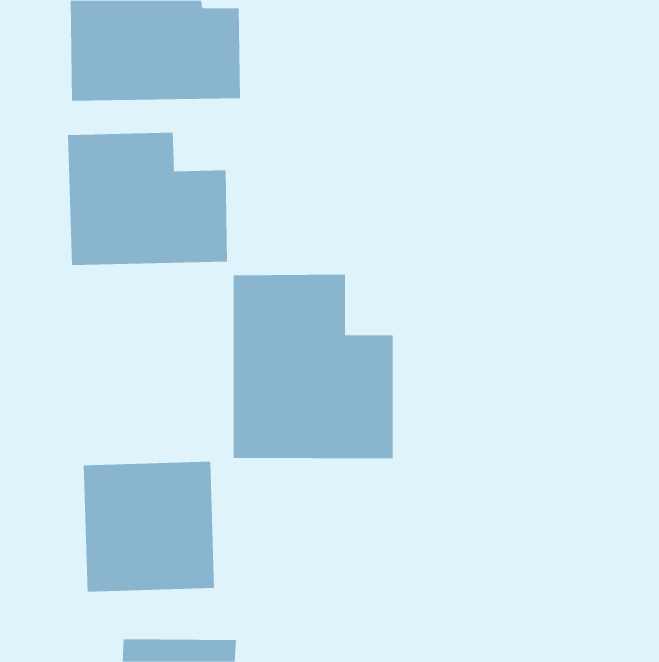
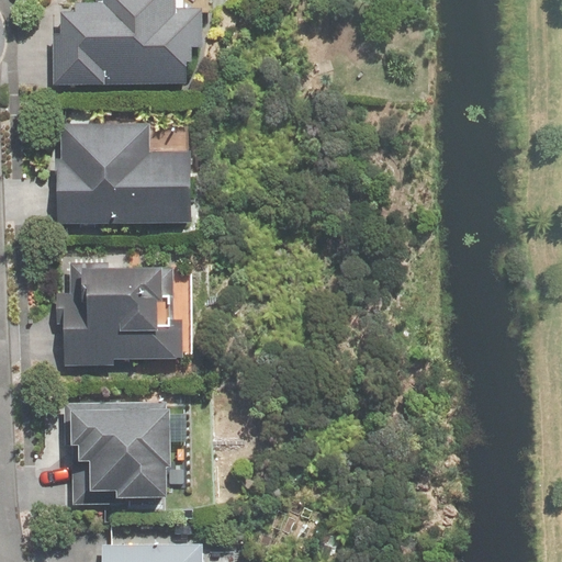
building: [233,274,393,459] -> none
building: none -> [54,265,175,367]

